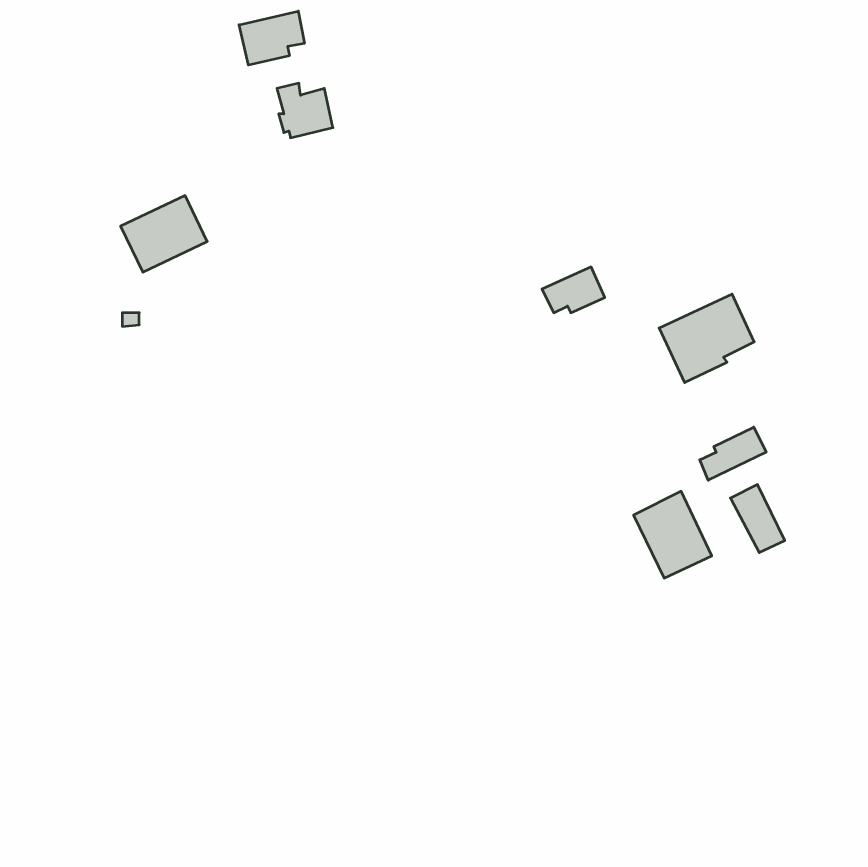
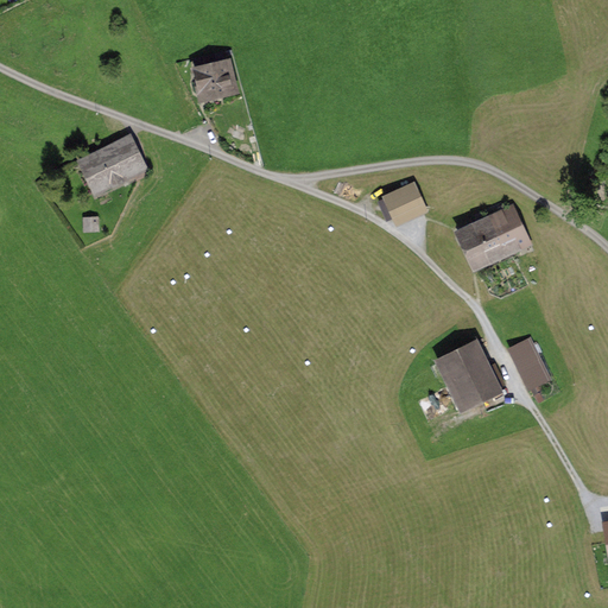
building: [239,11,304,65] -> none
building: [700,427,766,480] -> none

